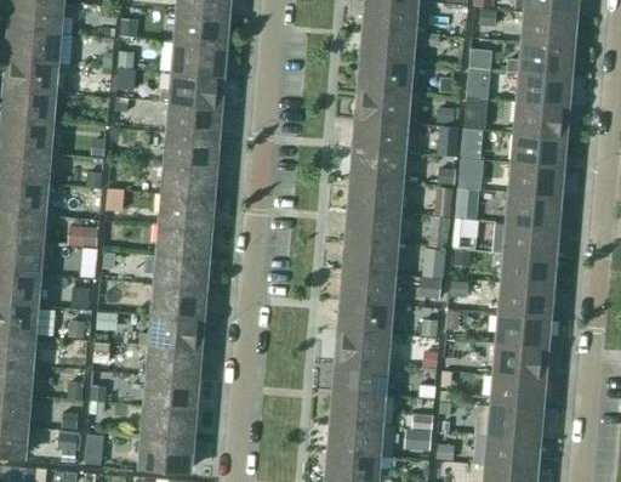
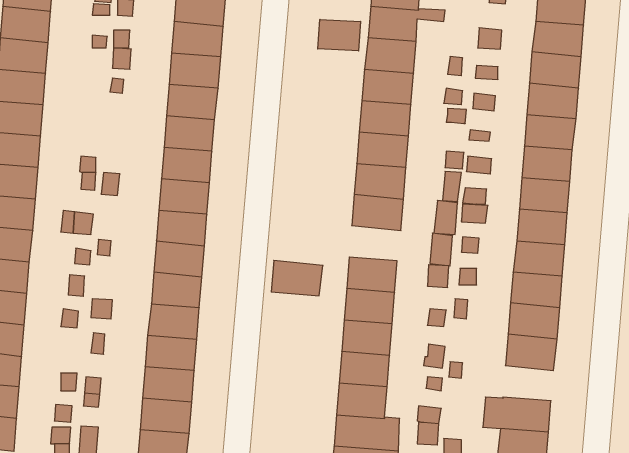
building: none -> [318,19,361,51]
building: [346,240,395,274] -> [271,260,323,296]
building: [494,375,542,409] -> none

